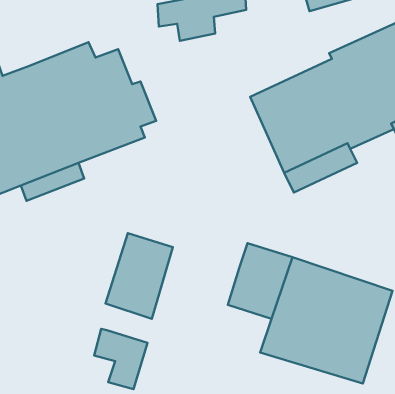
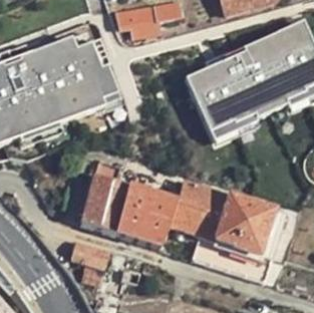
building: none -> [116,176,179,248]

